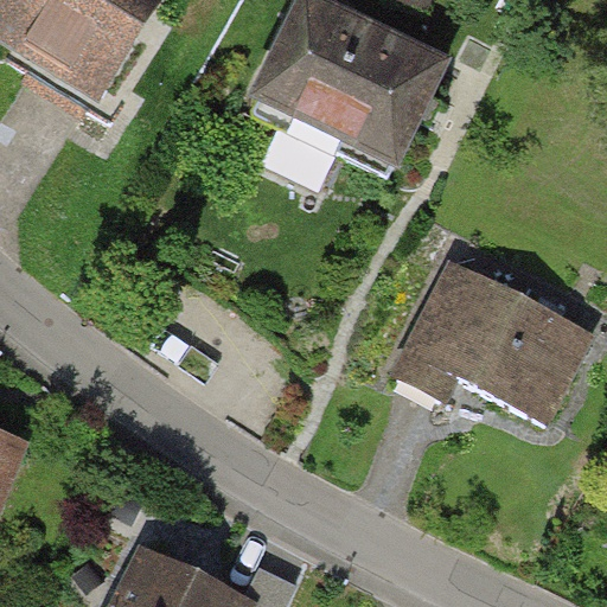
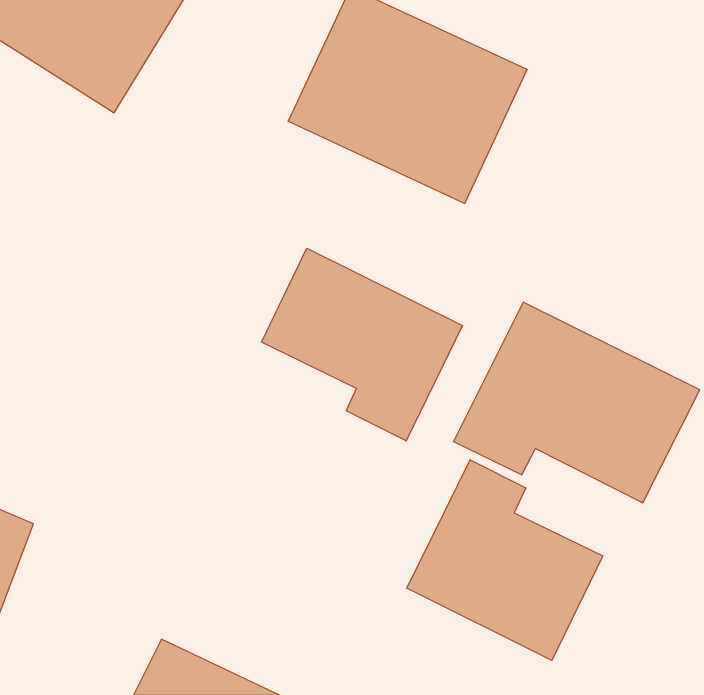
building: none -> [261,248,463,441]
building: none -> [407,460,603,660]

